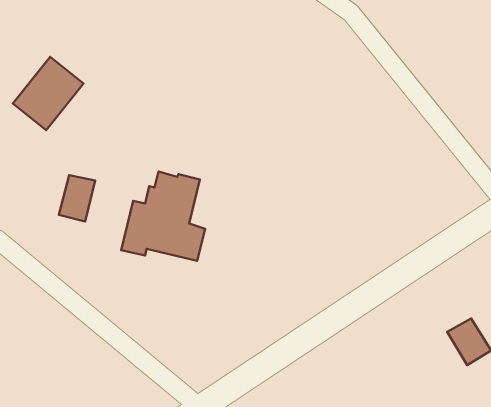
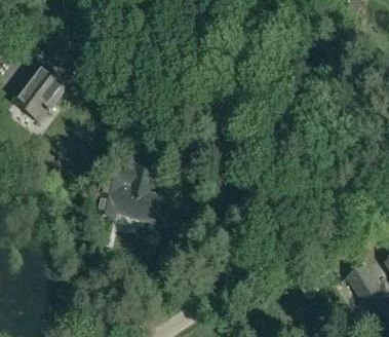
building: [59,175,95,222] -> none

